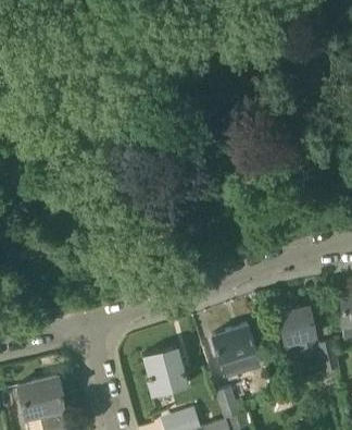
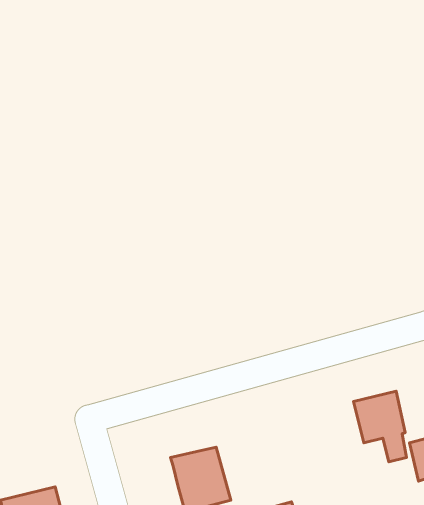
building: [212,324,261,378] -> none

